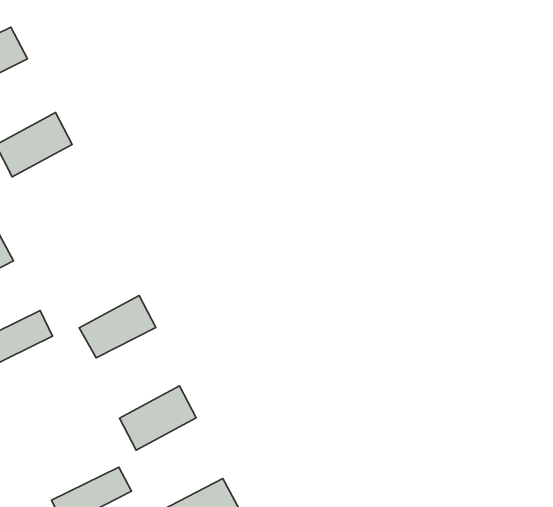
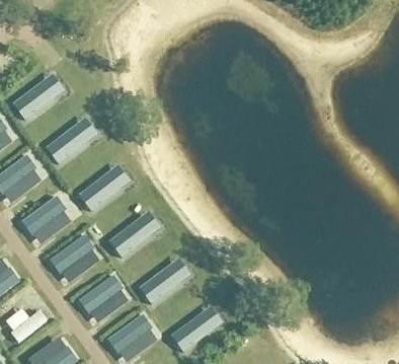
building: none -> [78,170,121,210]
building: none -> [79,275,124,313]

